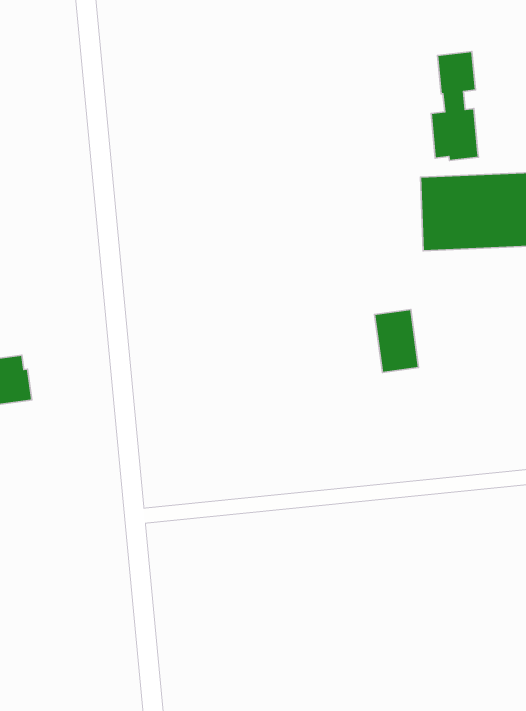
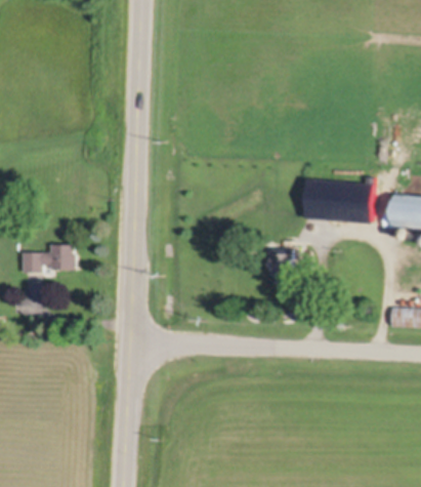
building: [431,52,478,161] -> none

